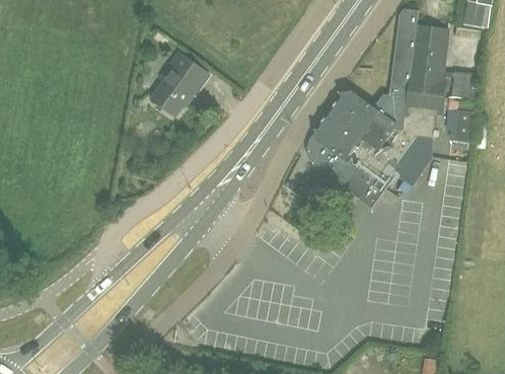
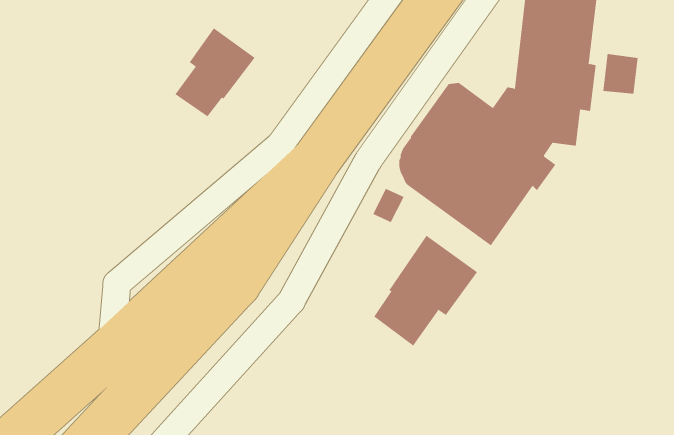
building: [455,107,475,140] -> none
building: none -> [374,235,478,346]

